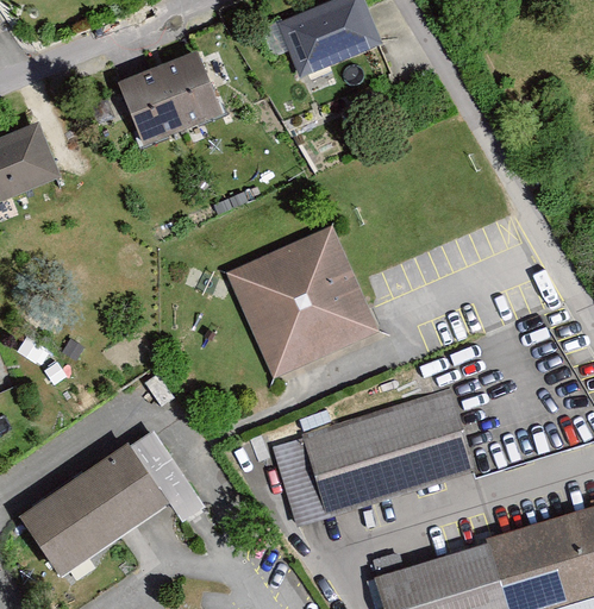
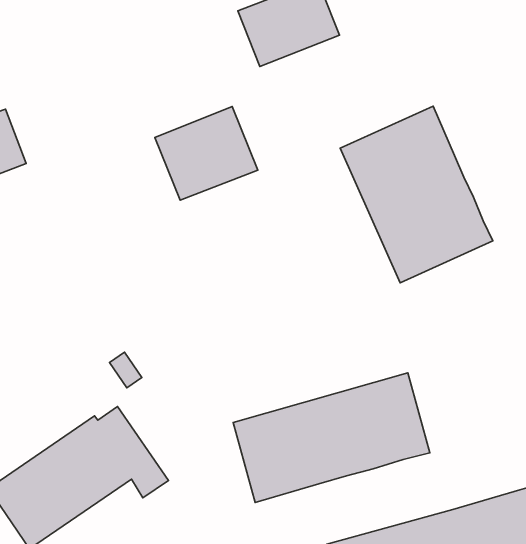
building: [115,50,221,146] -> [155,106,258,200]
building: none -> [340,106,493,283]
building: [225,225,381,382] -> none

